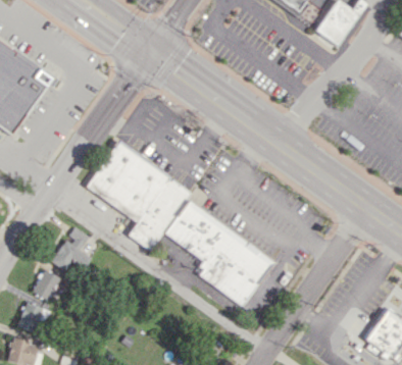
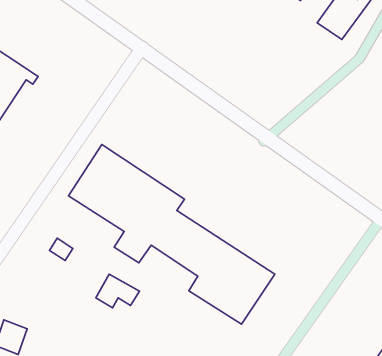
building: [52,241,92,271] -> [96,274,139,308]
building: [33,270,61,301] -> none

